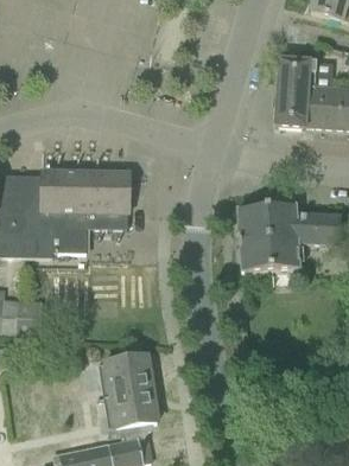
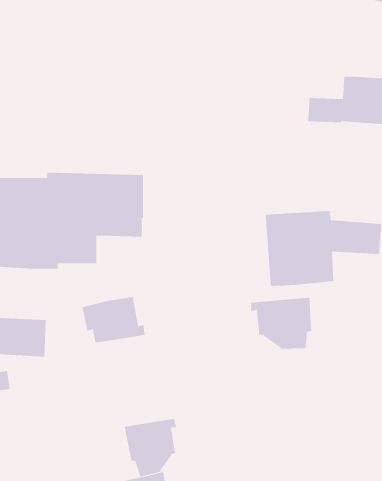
building: [277,49,335,106] -> none
building: none -> [250,297,312,349]
building: [100,356,157,397] -> [81,297,145,343]

